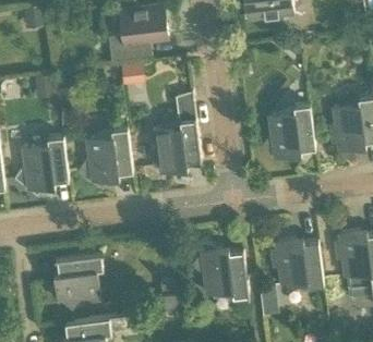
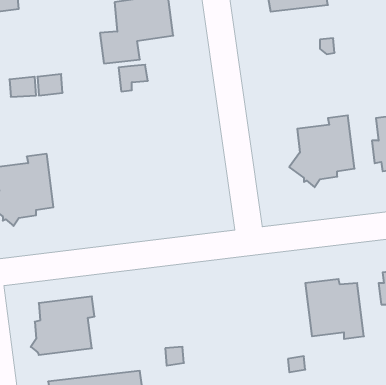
building: [154,94,201,171] -> none
building: [80,126,132,184] -> none
building: [192,243,249,295] -> none

